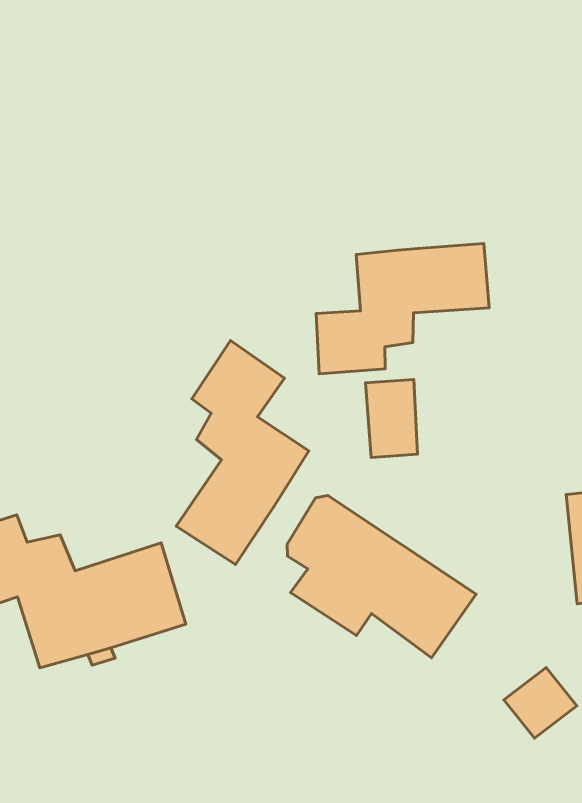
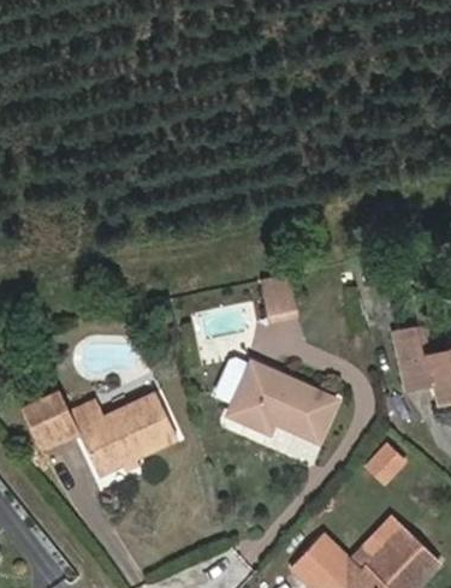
building: [316,243,489,374] -> none
building: [176,340,309,565] -> none

